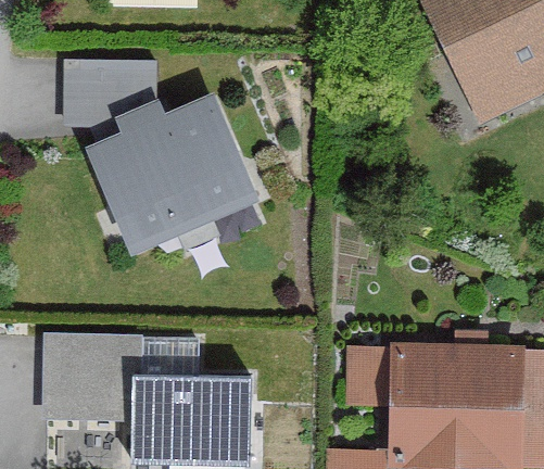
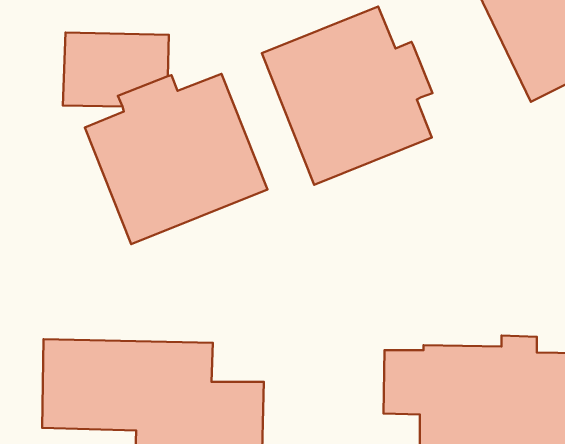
building: none -> [262,6,433,185]

